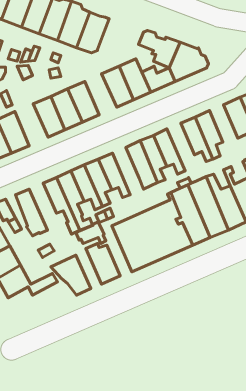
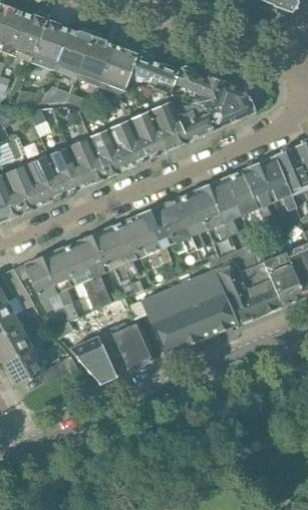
building: none -> [129,49,179,95]
building: none -> [108,118,146,167]
building: none -> [24,154,64,204]
building: none -> [258,155,297,209]
building: none -> [207,177,240,234]
building: none -> [141,206,174,264]
building: none -> [41,249,77,321]

